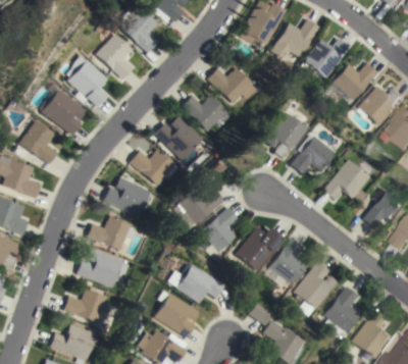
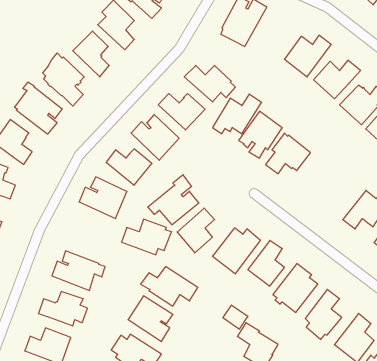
building: [272,18,320,57] -> [213,94,262,134]
building: [321,159,370,204] -> none
building: [88,215,137,250] -> [122,219,172,255]

